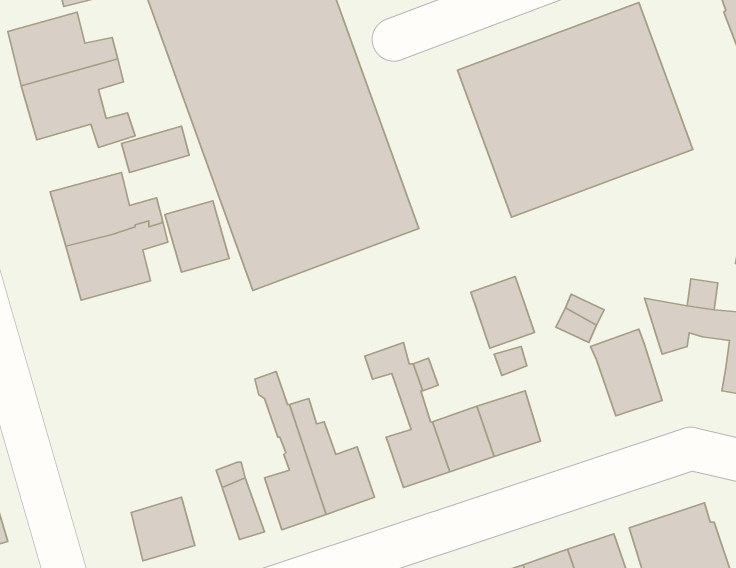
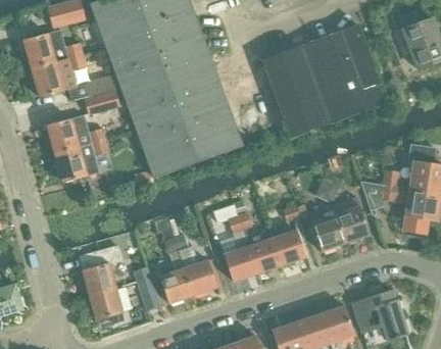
building: [165,201,229,272] -> none
building: [471,277,534,348] -> [311,213,345,251]
building: none -> [82,245,121,294]

